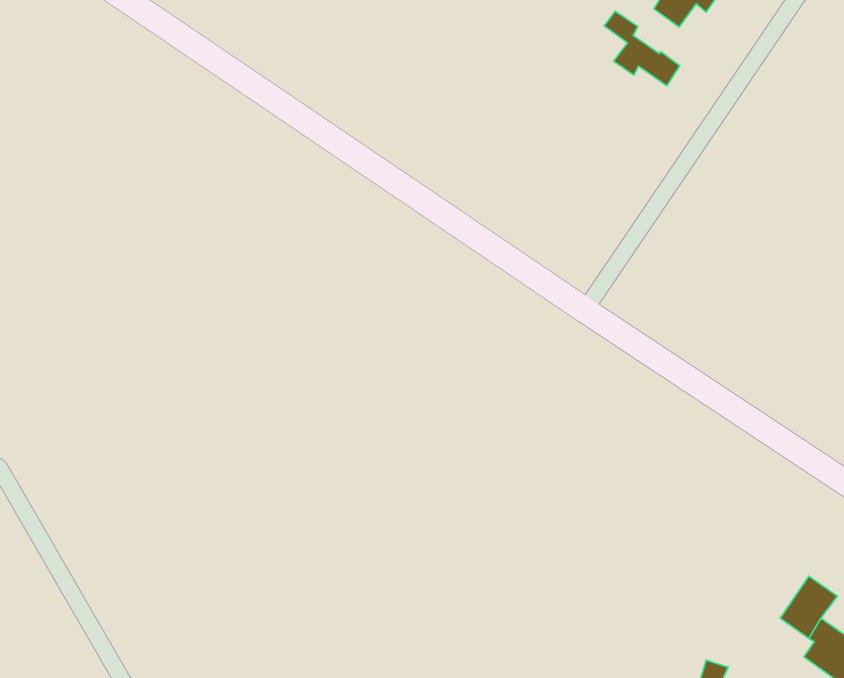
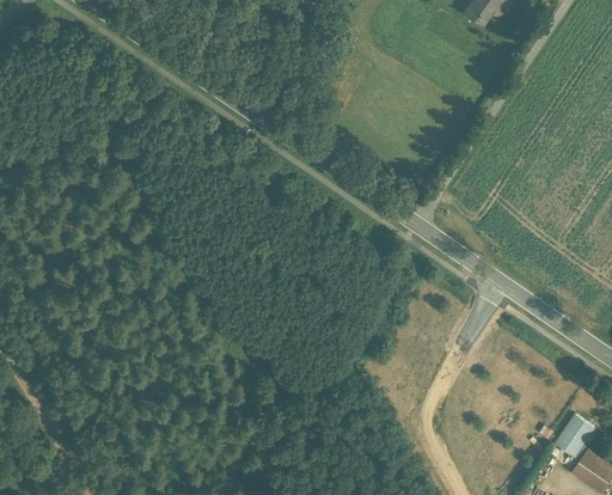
building: [604,11,680,86] -> none

